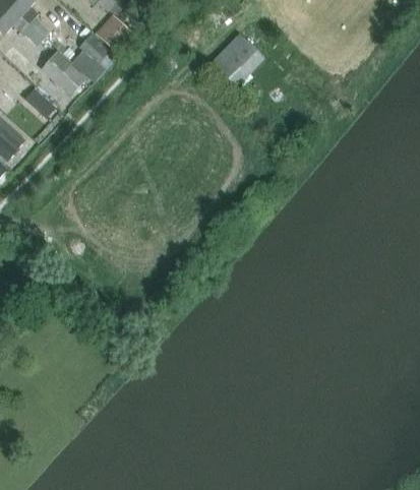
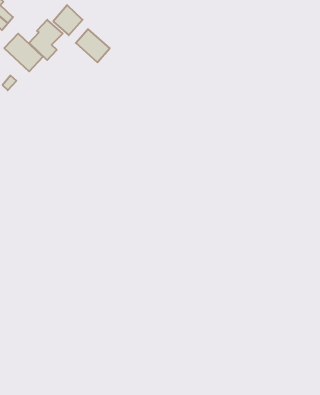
building: [209,32,263,85] -> none
building: none -> [76,29,110,62]

